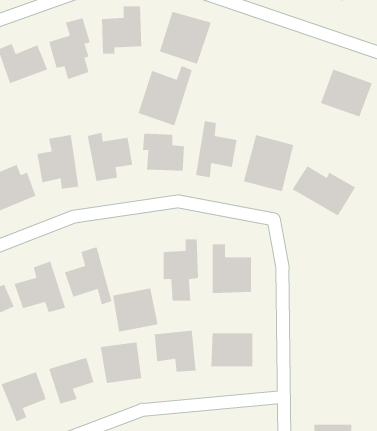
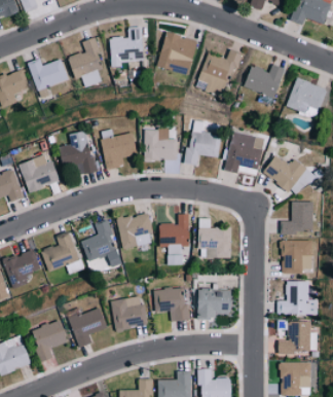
building: none -> [245,64,286,98]
building: [137,65,193,126] -> [195,48,239,98]
building: none -> [281,202,314,232]
building: none -> [282,240,312,273]
building: [112,287,159,332] -> [117,213,154,249]
building: none -> [276,281,318,315]
building: none -> [279,321,317,352]

